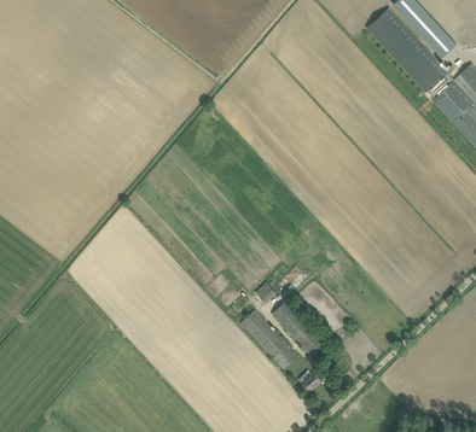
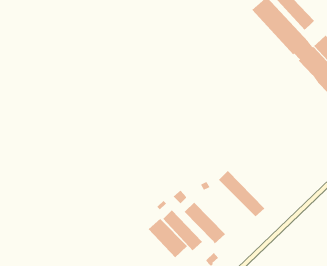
building: none -> [218,170,265,217]
building: none -> [148,218,188,258]

